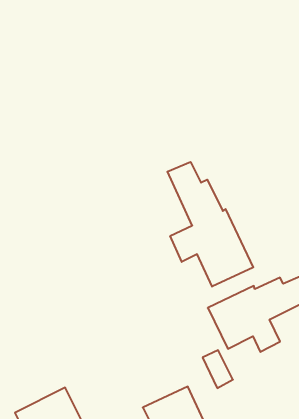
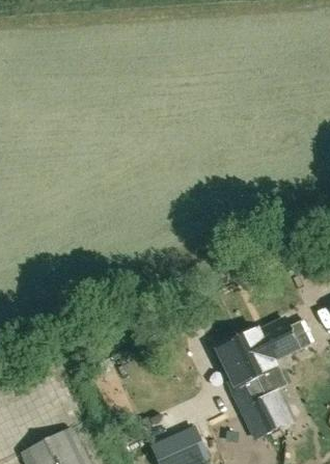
building: [167,162,253,287] -> none
building: [203,350,233,388] -> [251,395,281,433]

